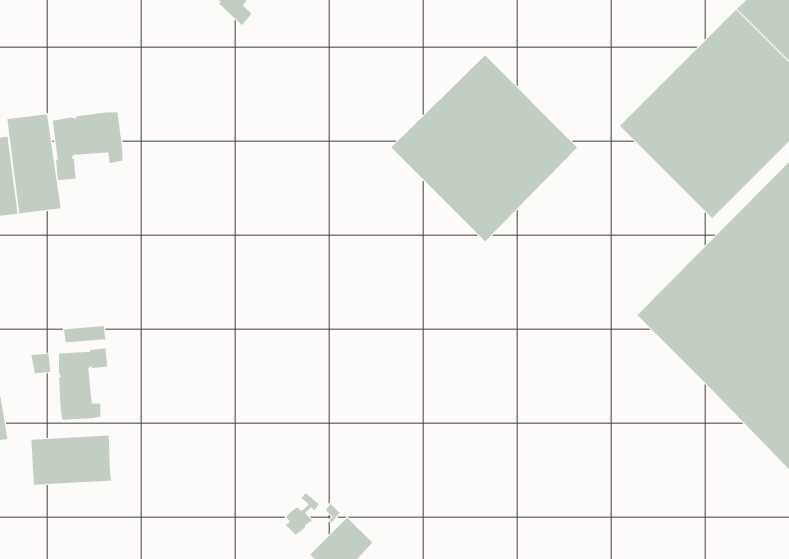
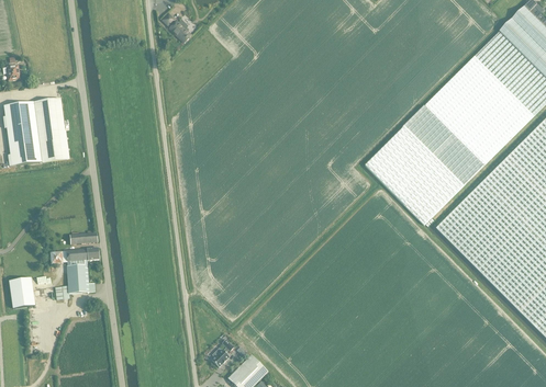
building: [390,55,578,242] -> [365,104,484,224]
building: [52,112,123,181] -> none
building: [31,435,112,486] -> none

